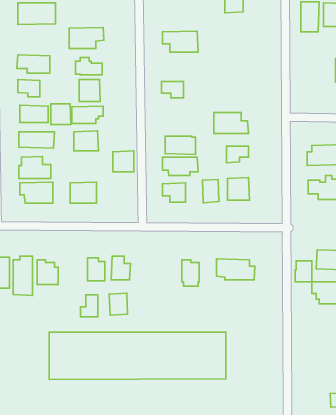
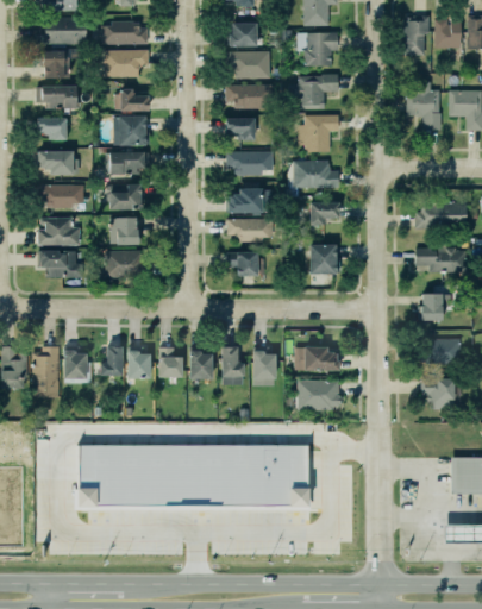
building: none -> [102,23,149,49]
building: none -> [230,29,262,52]
building: none -> [298,32,339,67]
building: none -> [40,51,68,77]
building: none -> [288,74,336,108]
building: none -> [407,82,440,130]
building: none -> [226,84,273,106]
building: none -> [300,114,339,152]
building: [51,104,71,125] -> none
building: none -> [224,151,271,175]
building: [113,151,134,172] -> [111,216,138,244]
building: [202,179,219,203] -> none
building: none -> [219,347,242,384]
building: [295,261,312,282] -> [419,294,440,321]
building: none -> [296,379,339,409]
building: [109,293,128,315] -> [189,351,213,379]
building: [80,295,98,317] -> [98,347,120,376]

